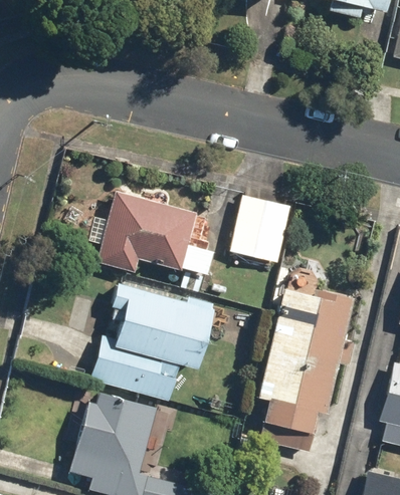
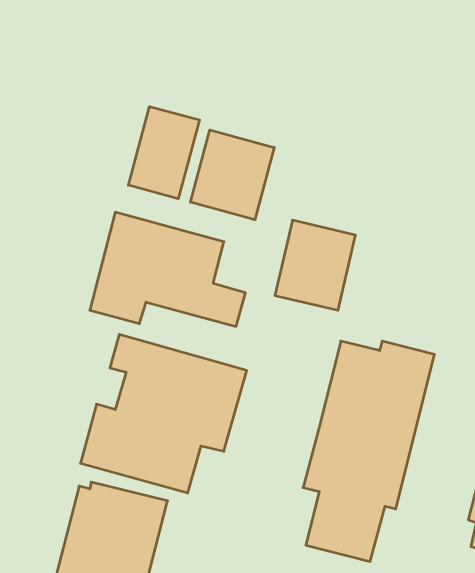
building: none -> [128,107,200,199]
building: none -> [190,130,274,220]

